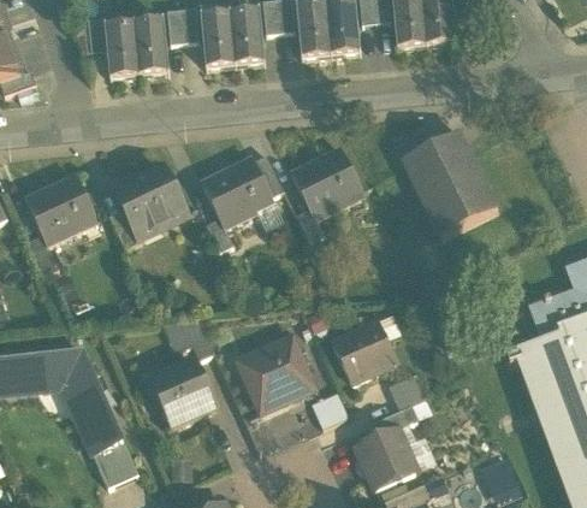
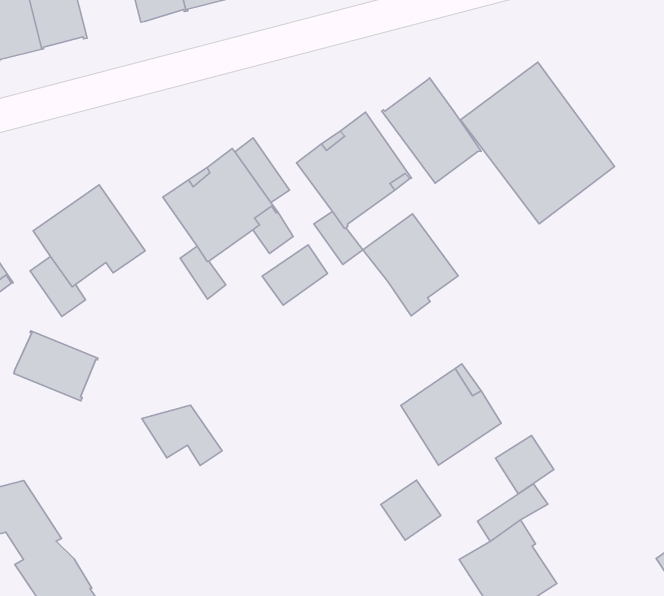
building: none -> [382,78,481,183]
building: none -> [363,214,458,316]
building: none -> [262,245,327,305]
building: none -> [14,331,98,401]
building: [238,333,313,413] -> none
building: [152,359,213,423] -> none

